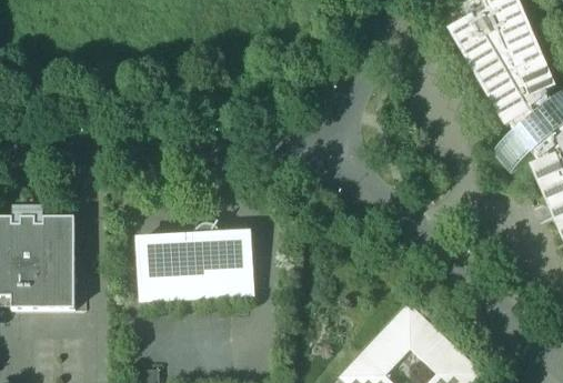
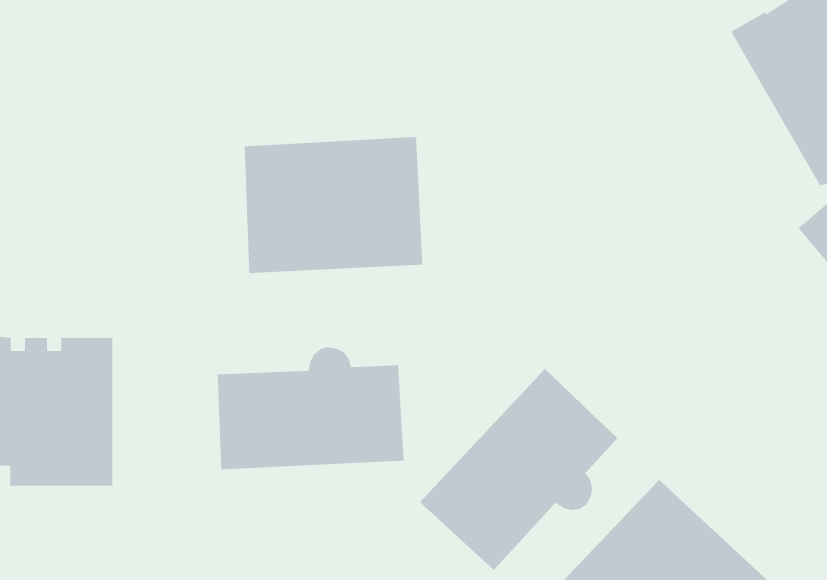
building: none -> [244,136,423,274]
building: none -> [419,368,618,571]

